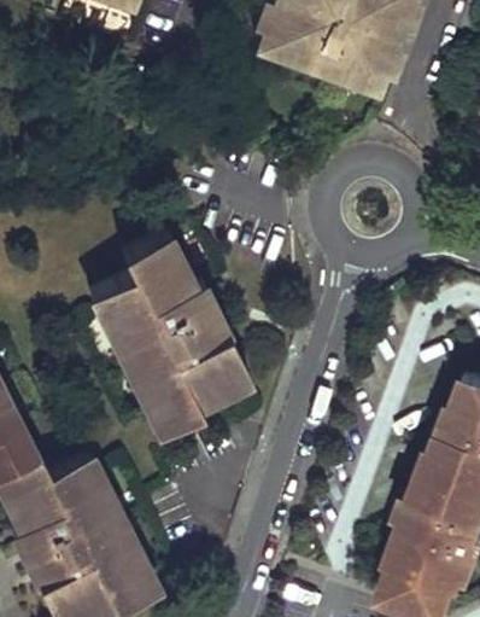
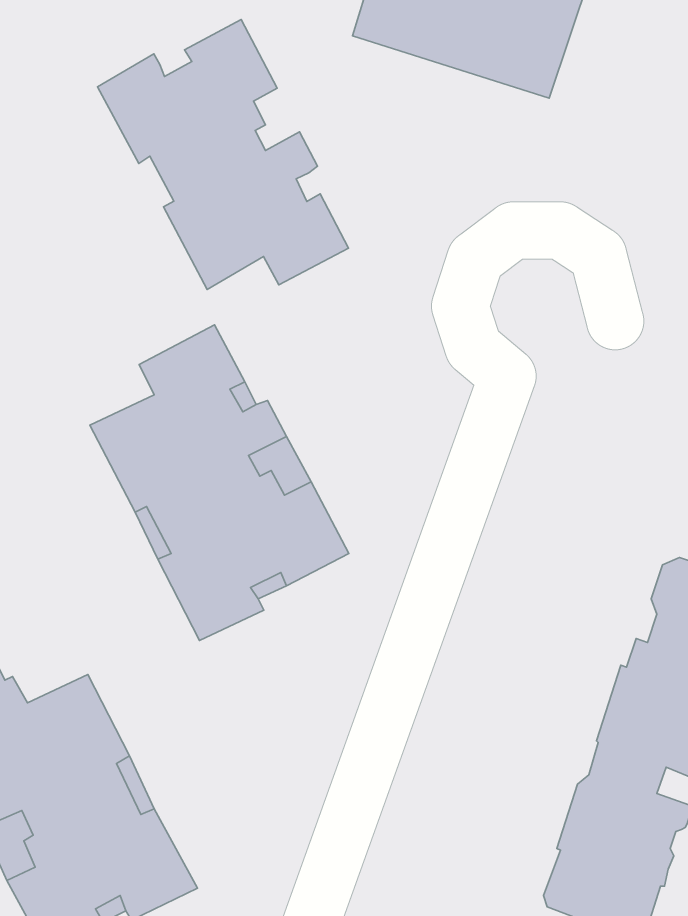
building: none -> [98,20,348,289]

